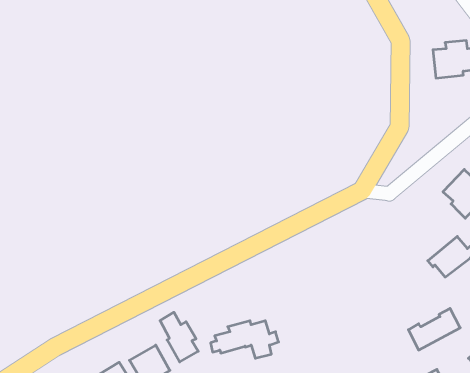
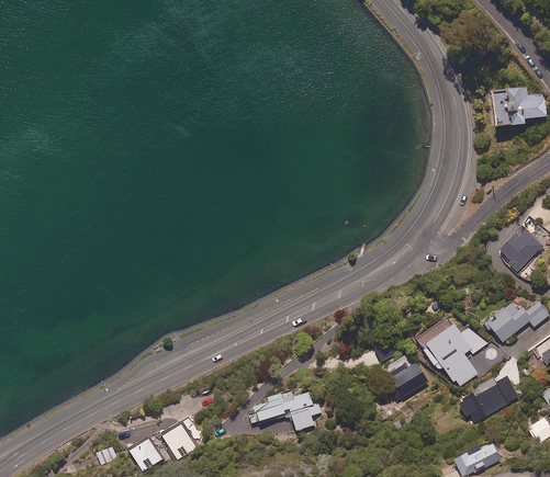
building: none -> [416,315,489,387]
building: none -> [383,361,428,399]
building: [160,312,198,362] -> none

